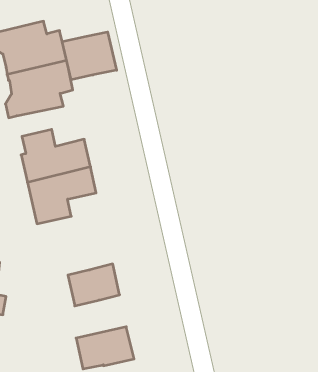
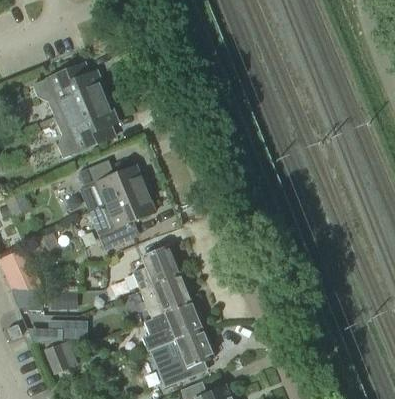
building: [62,32,117,80] -> none
building: none -> [132,245,179,291]
building: none -> [141,301,201,351]

